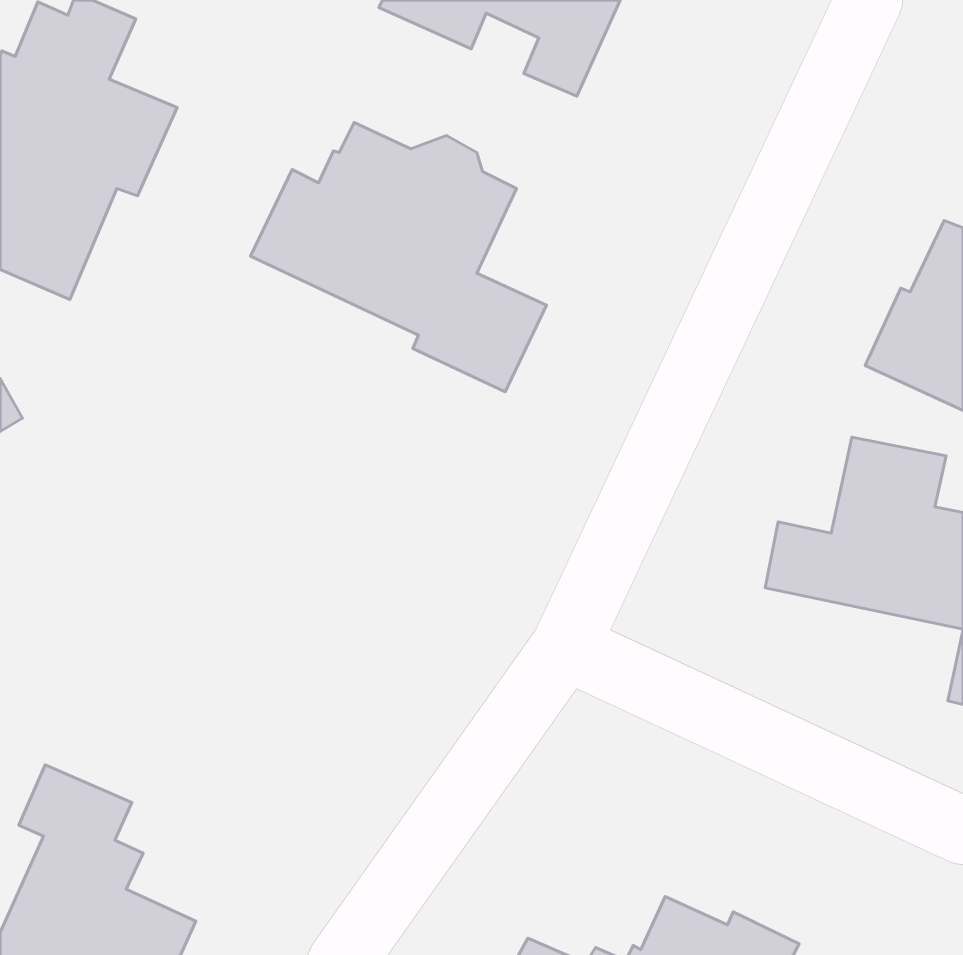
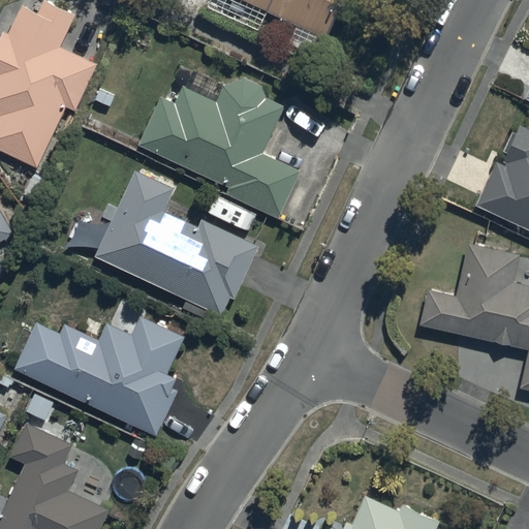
building: none -> [94,170,257,320]
building: none -> [13,317,183,436]

